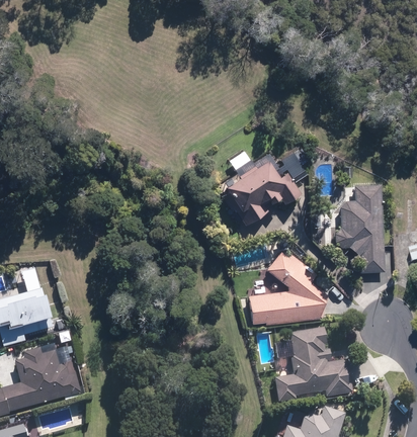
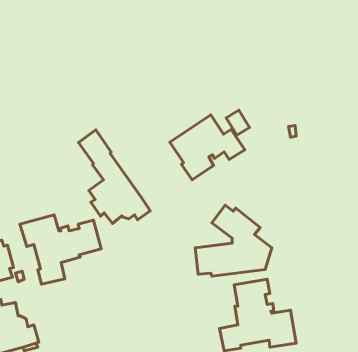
building: none -> [78,130,150,224]
building: [333,183,383,272] -> none
building: none -> [20,215,101,284]

